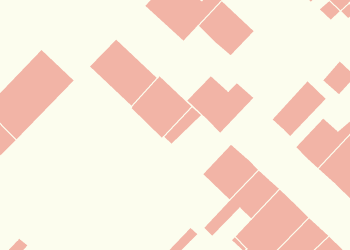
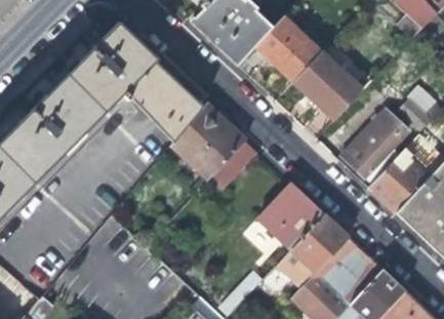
building: none -> [69,19,160,108]
building: [187,75,254,134] -> [292,49,372,118]

